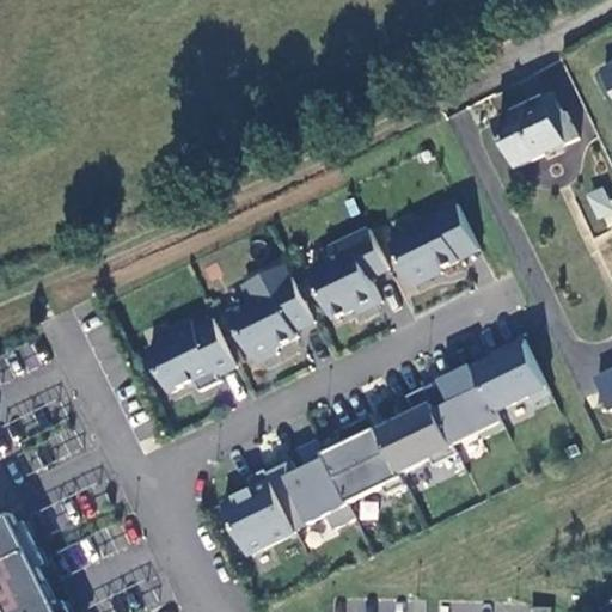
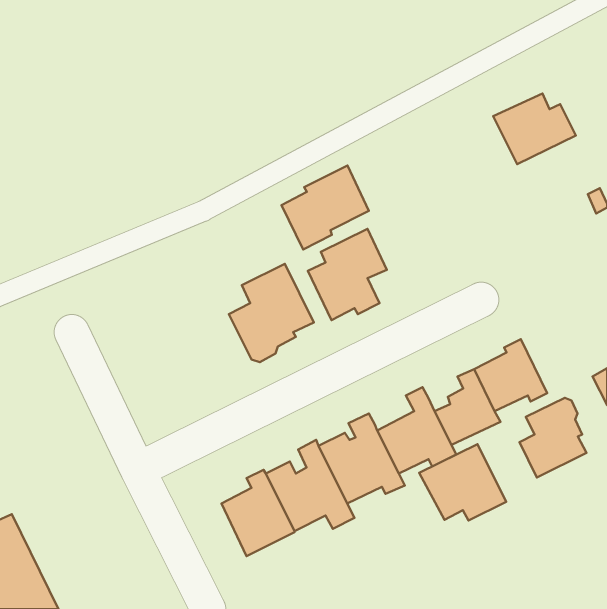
building: [388,203,476,287] -> [282,165,369,249]
building: [146,318,235,392] -> none
building: none -> [520,398,586,478]
building: none -> [419,444,506,520]

